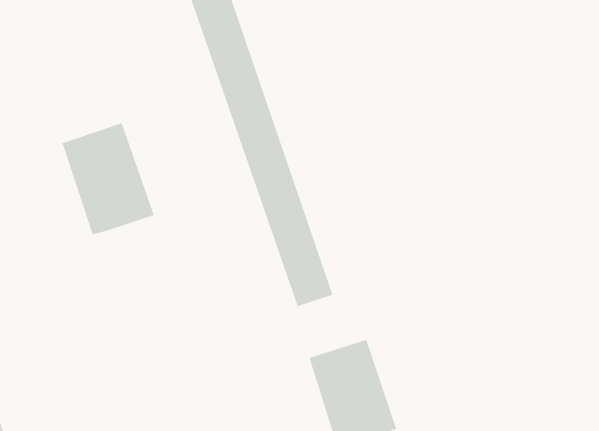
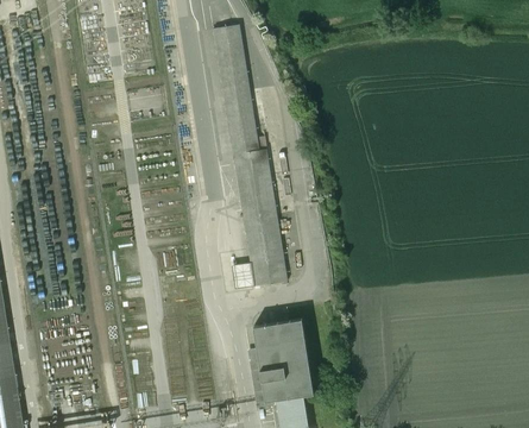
building: [62,122,155,235] -> none

